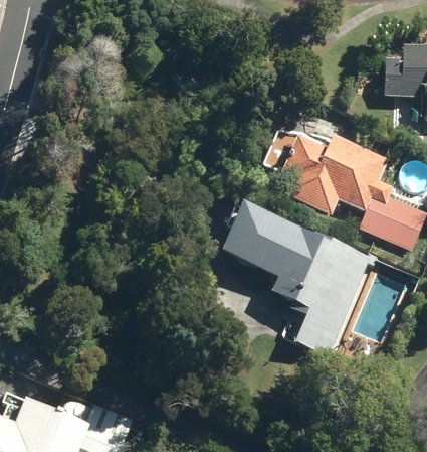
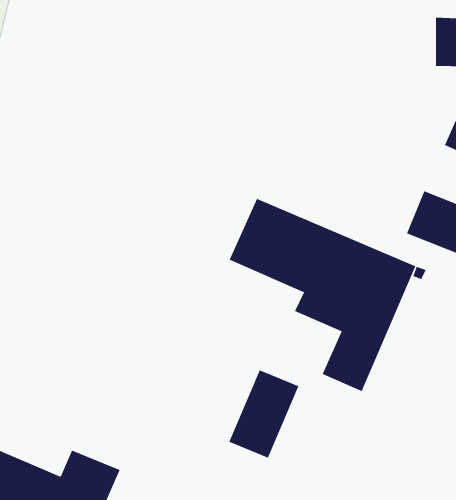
building: [282,133,389,211] -> none
building: none -> [228,369,299,458]

